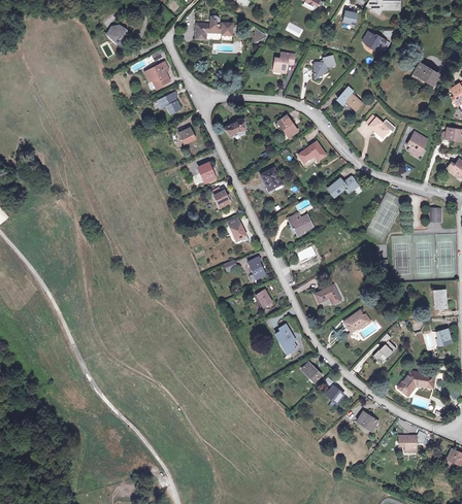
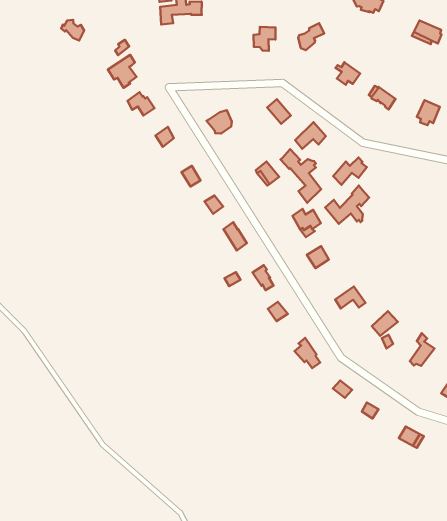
building: none -> [280,149,321,203]
building: none -> [325,186,369,224]

